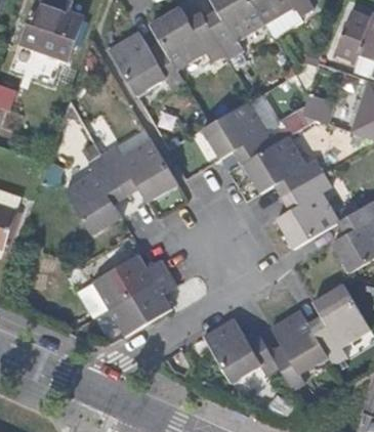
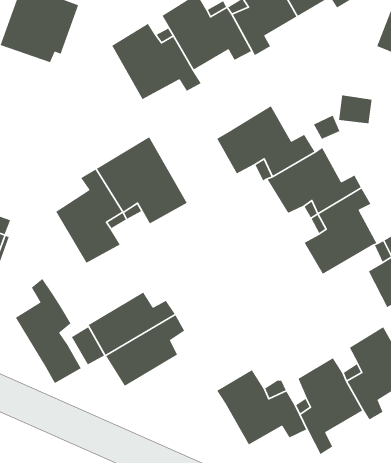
building: none -> [15,278,82,384]

